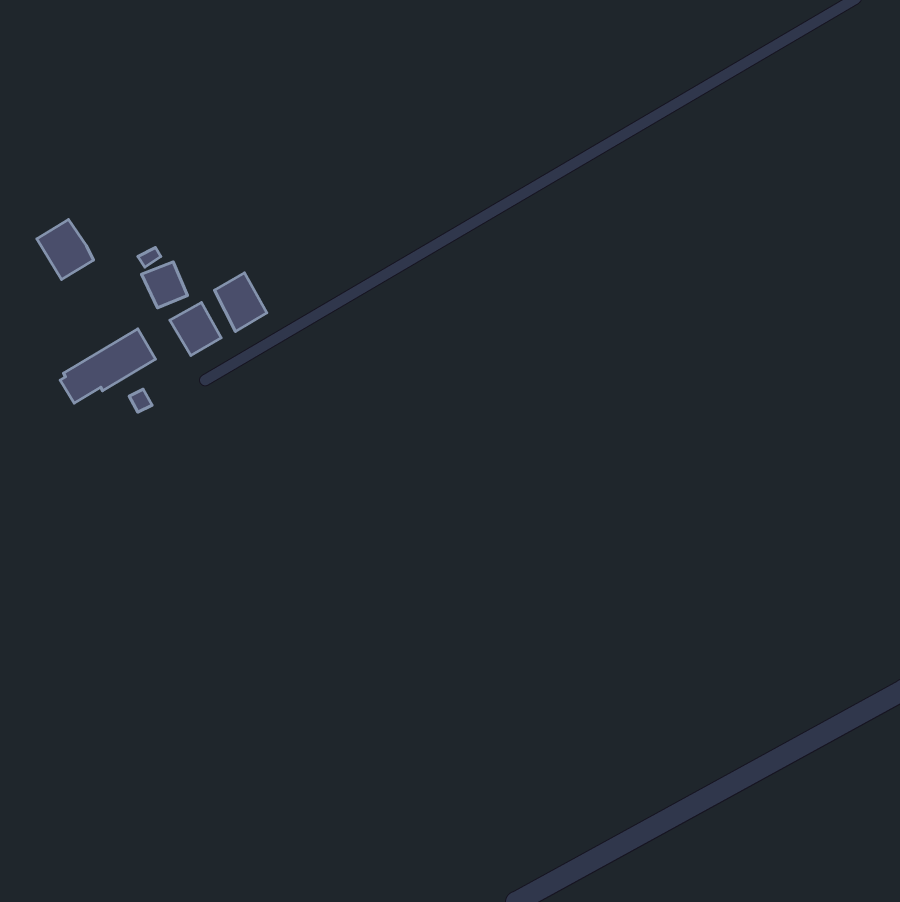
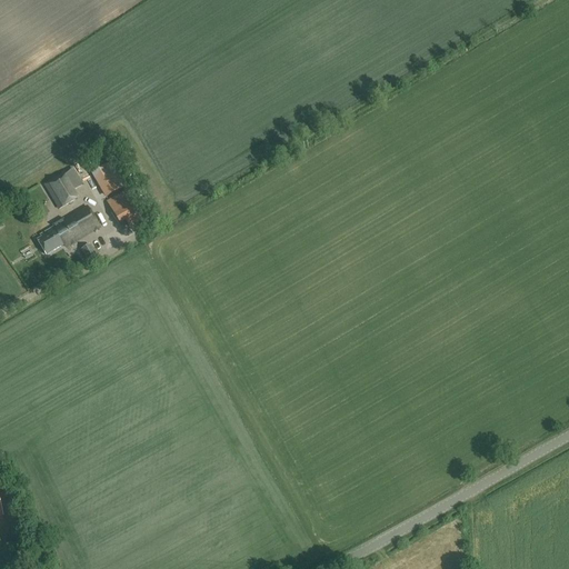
building: [37,219,93,279] -> [46,172,81,210]
building: [214,273,267,332] -> none

